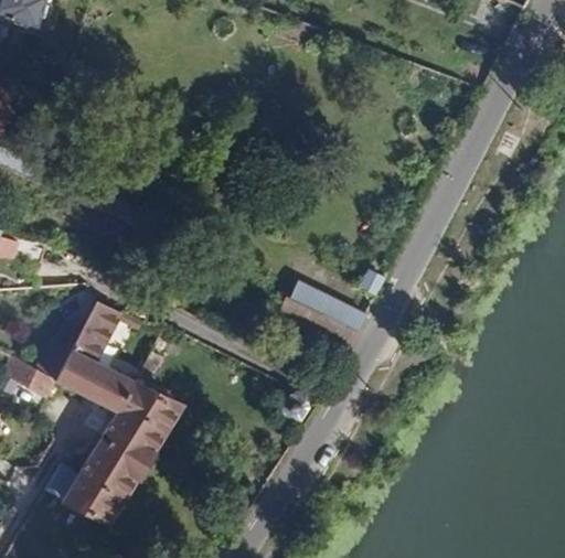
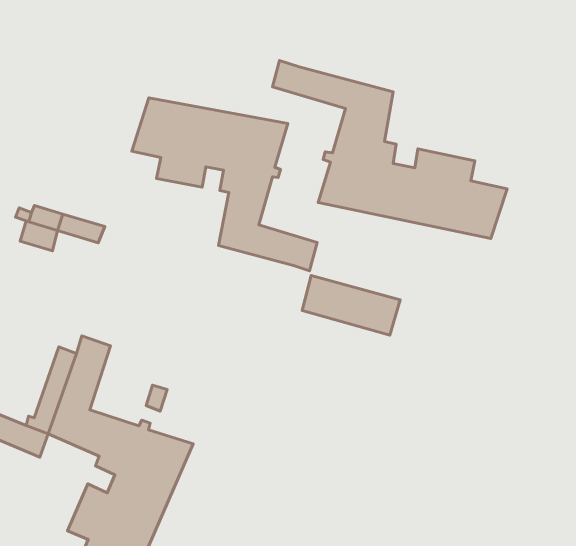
building: none -> [272,61,507,238]
building: none -> [132,98,317,271]

